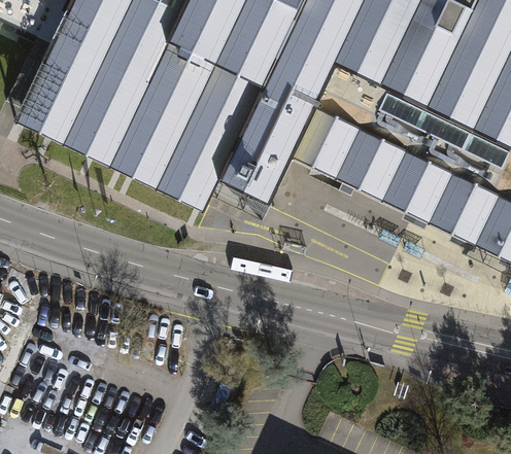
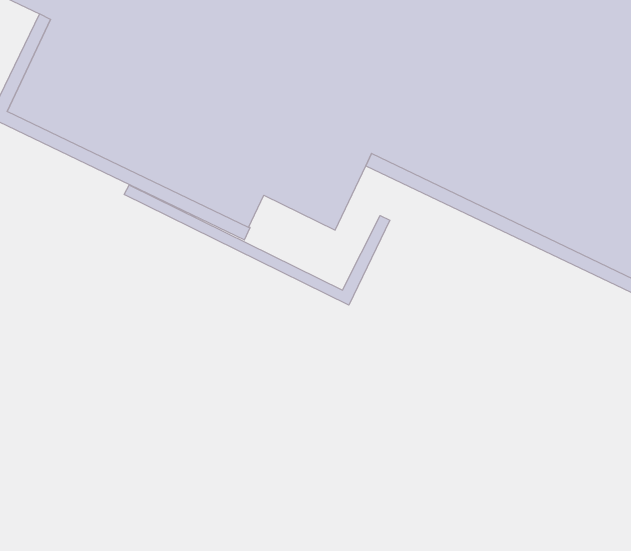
building: none -> [124,185,390,305]

